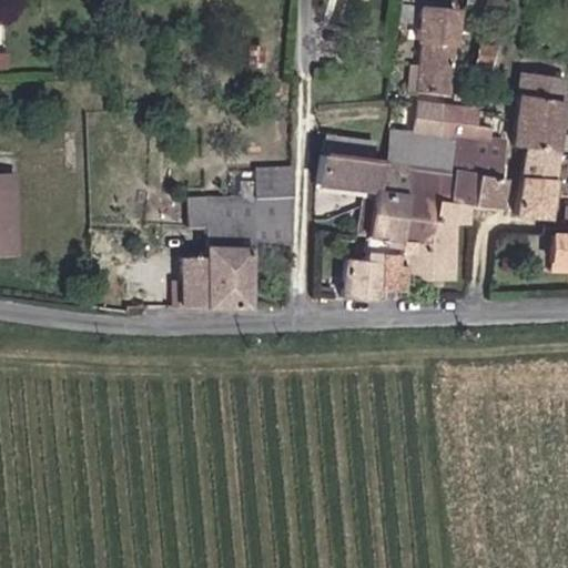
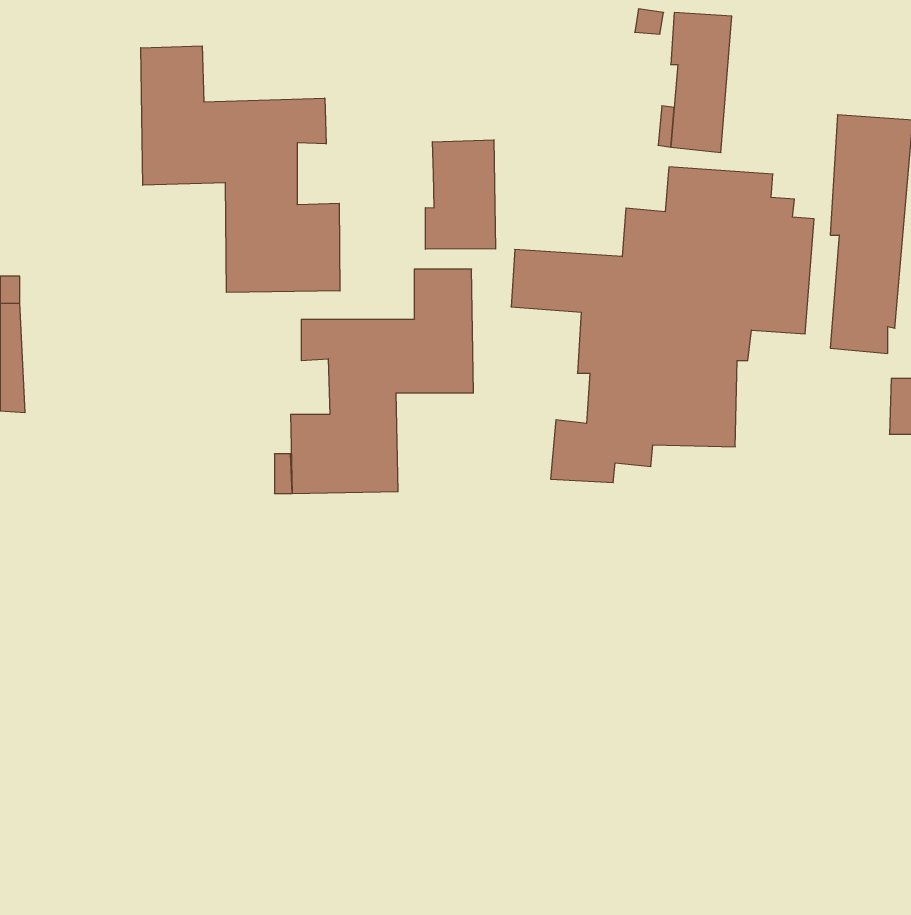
building: none -> [141,46,340,292]
building: none -> [425,140,496,249]

